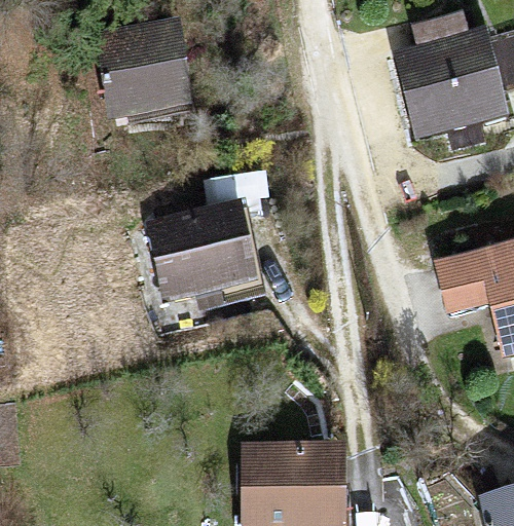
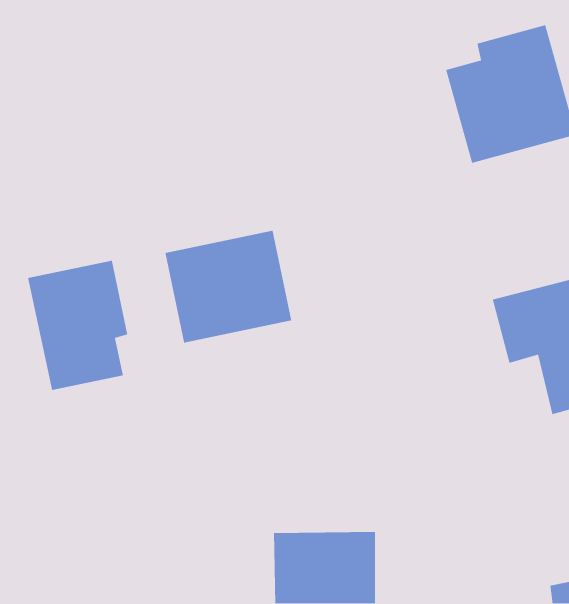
building: [98,14,197,121] -> none
building: none -> [27,260,128,391]

